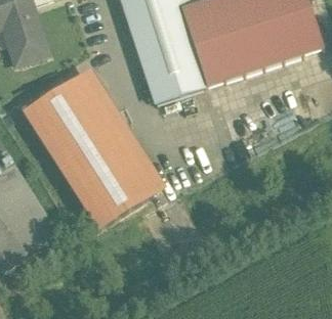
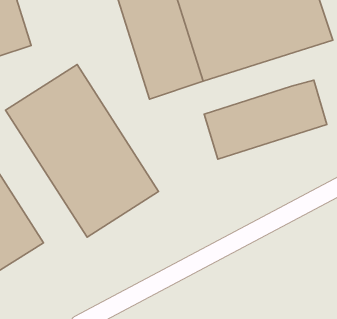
building: none -> [204,80,327,159]

